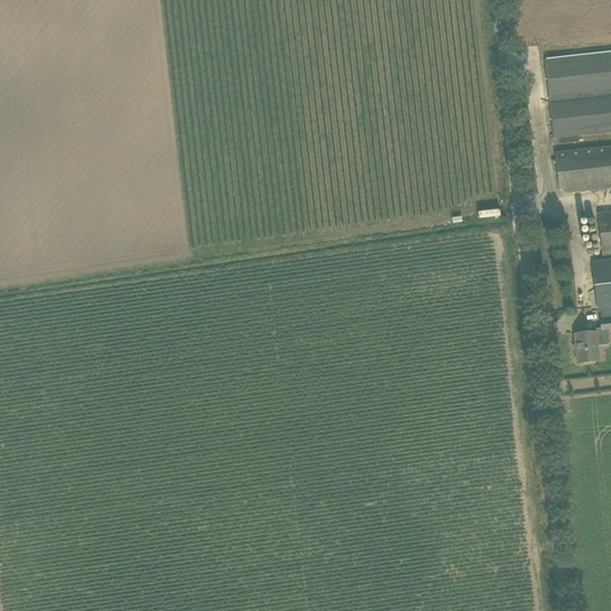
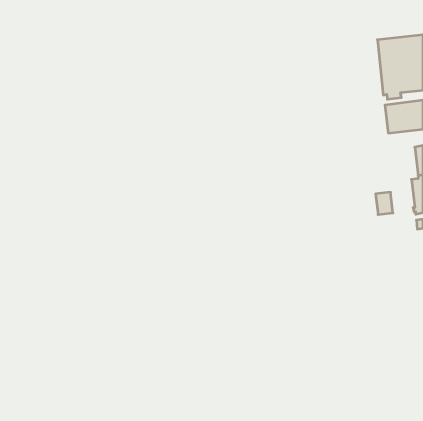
building: [574,331,599,363] -> [376,192,393,215]

